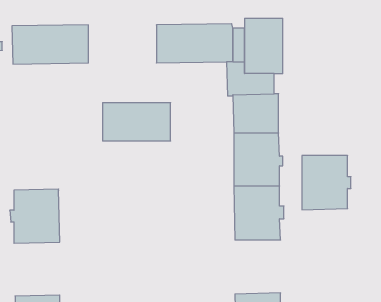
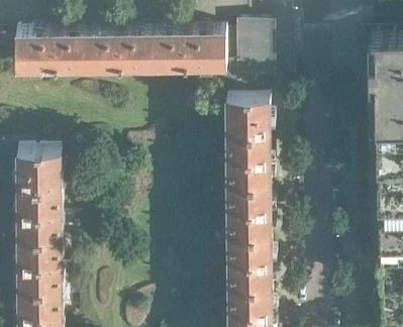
building: [103,103,171,141] -> [89,31,154,68]
building: none -> [17,151,61,189]
building: [302,156,351,210] -> [228,236,275,288]
building: none -> [15,238,62,290]

